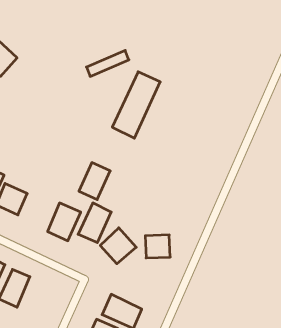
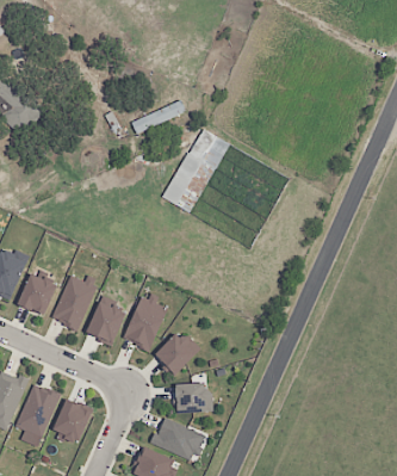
building: [79,163,110,200] -> [55,280,95,328]
building: [145,235,170,258] -> [172,383,204,413]
building: none -> [54,402,91,439]

